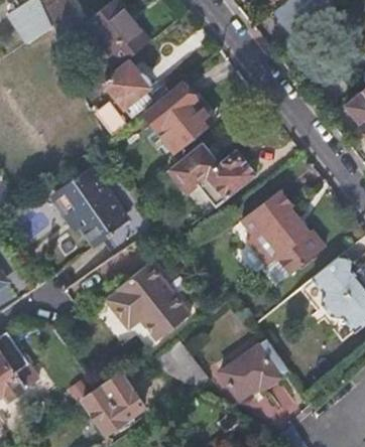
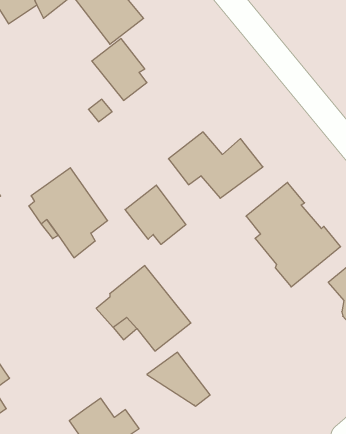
building: [144,86,212,152] -> none
building: none -> [125,185,186,244]
building: [218,339,287,398] -> none

